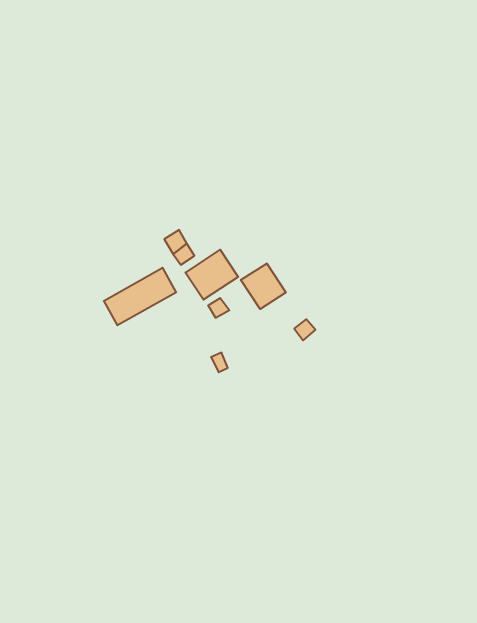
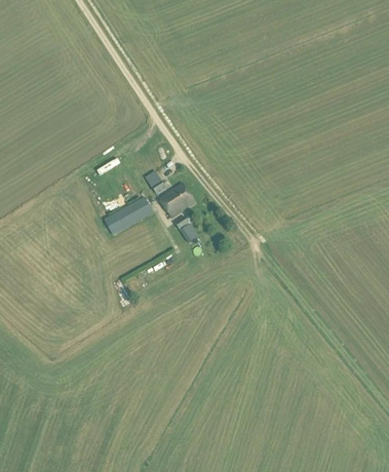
building: [241,263,286,309] -> none

